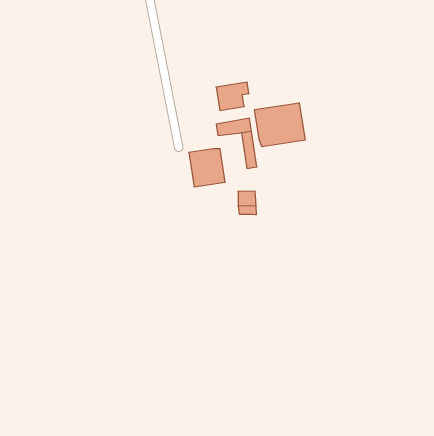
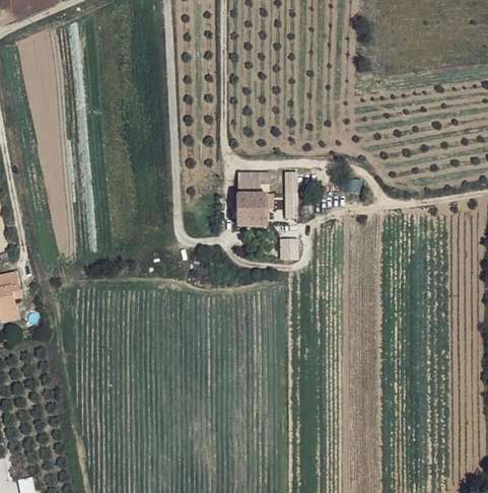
building: [216,82,249,110] -> [238,173,267,195]
building: [255,103,305,147] -> none

